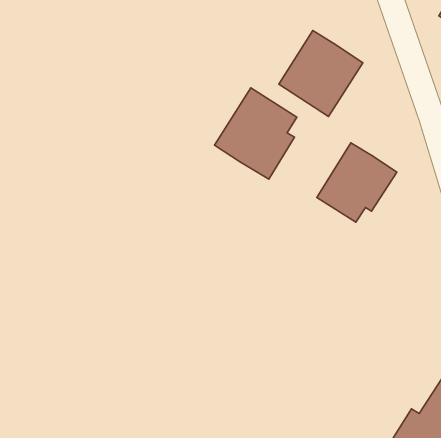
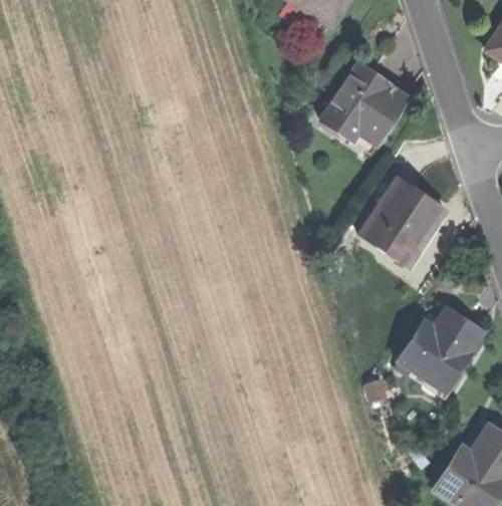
building: [215,88,297,179] -> none
building: none -> [393,301,479,384]

